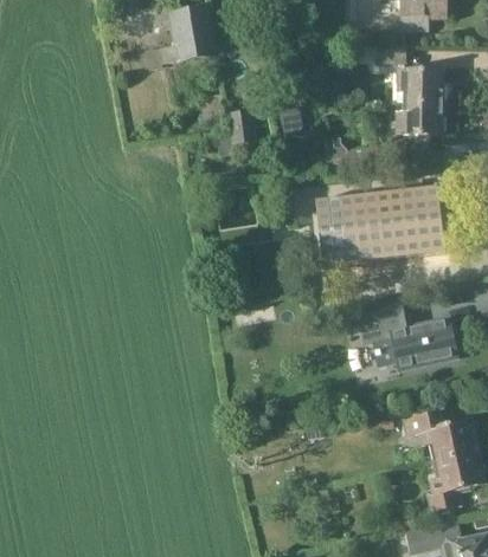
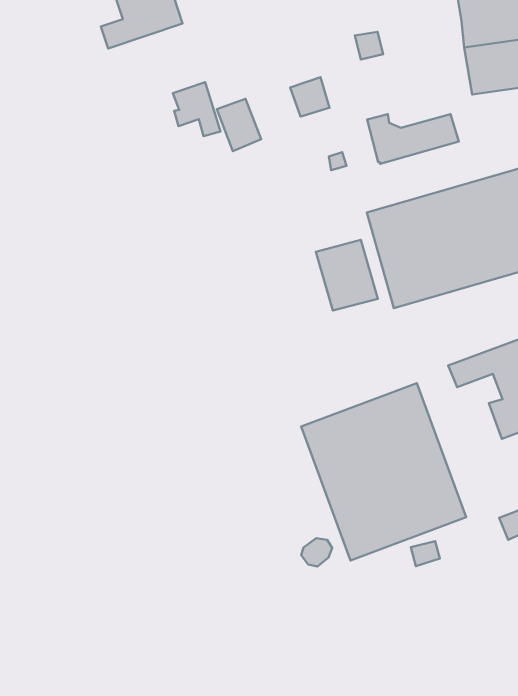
building: none -> [316,240,378,311]
building: none -> [301,383,466,561]

